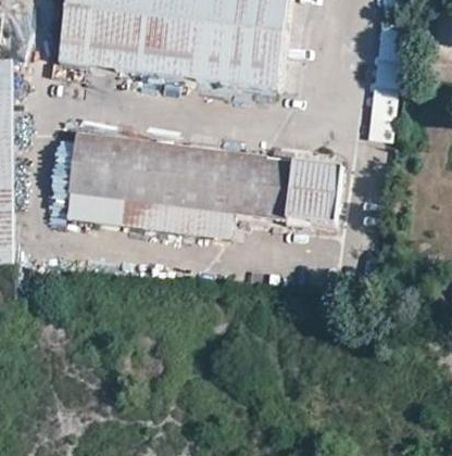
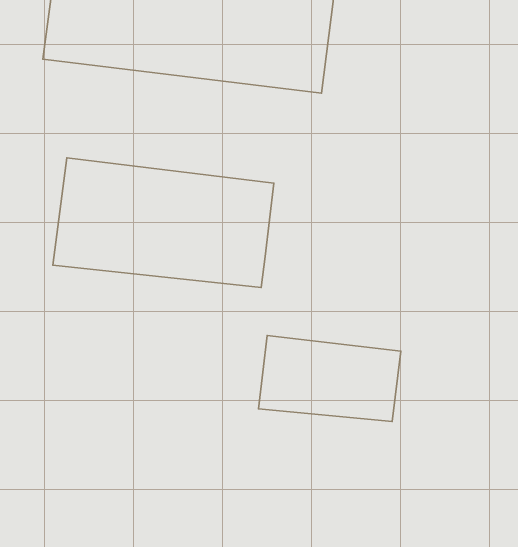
building: [230,153,340,219] -> [259,336,401,422]

